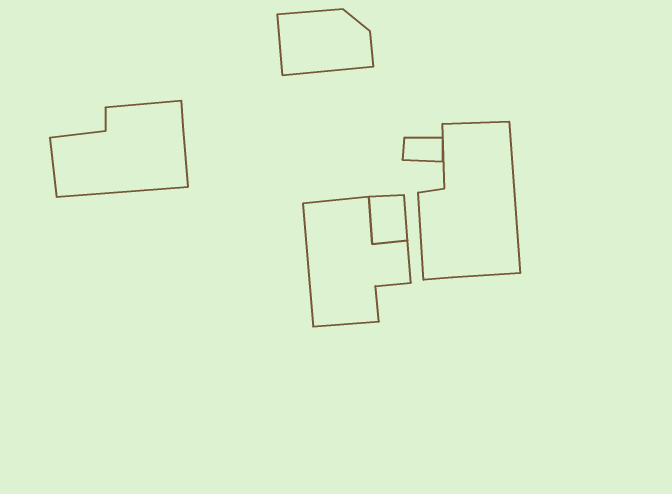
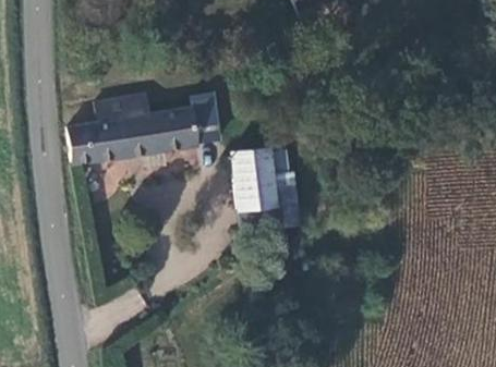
building: [277,9,373,75] -> [157,107,219,149]
building: [418,122,520,280] -> none

